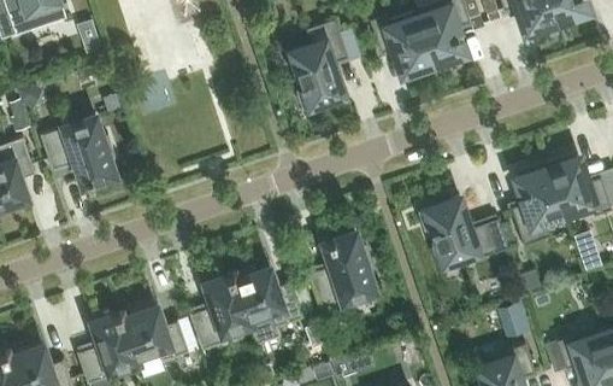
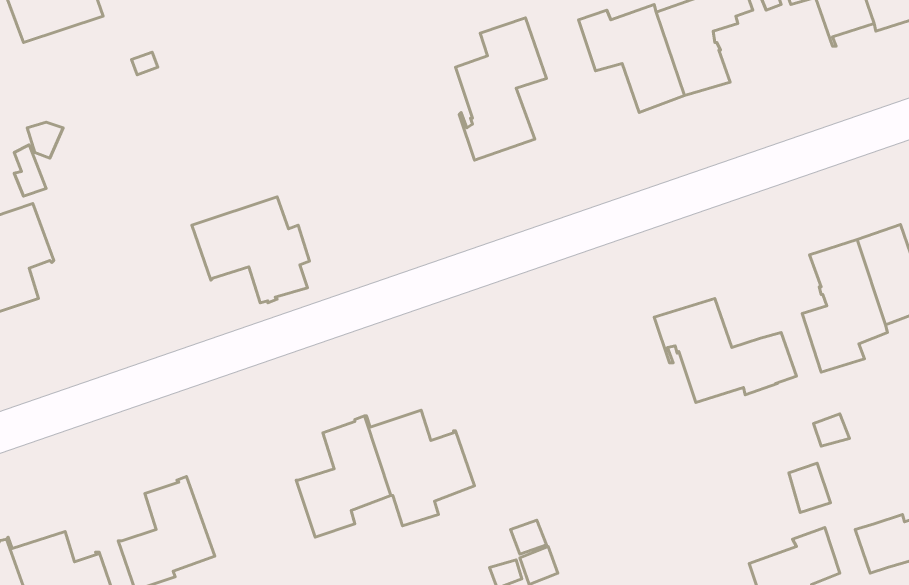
building: [40,116,114,183] -> [192,197,309,303]
building: [307,232,373,308] -> none
building: [119,306,188,361] -> none

